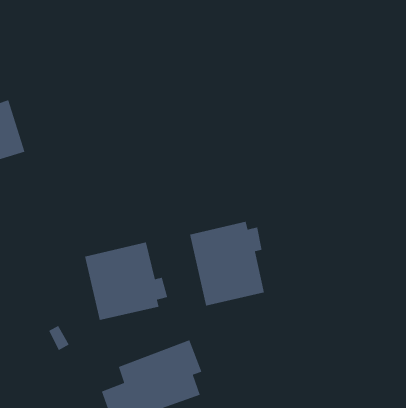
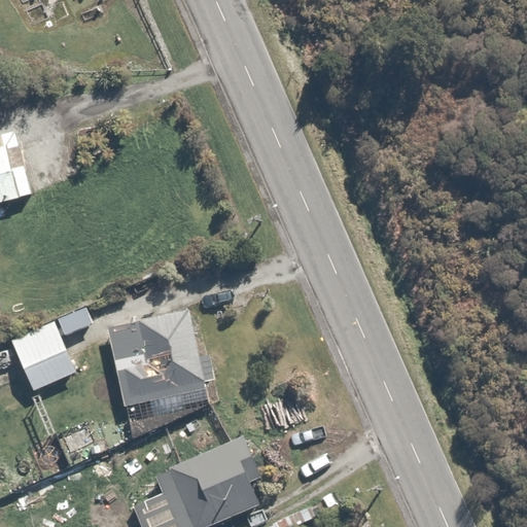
building: [189,221,265,307] -> none
building: none -> [9,321,75,392]

